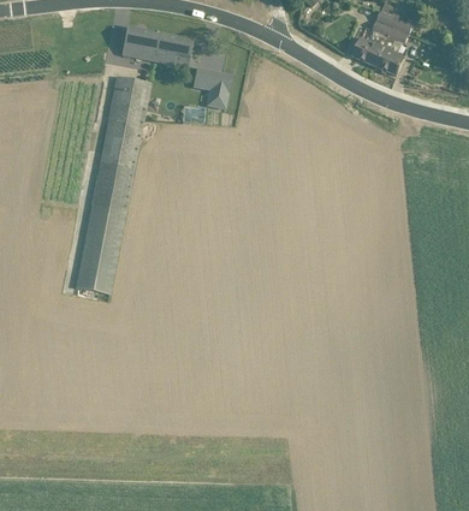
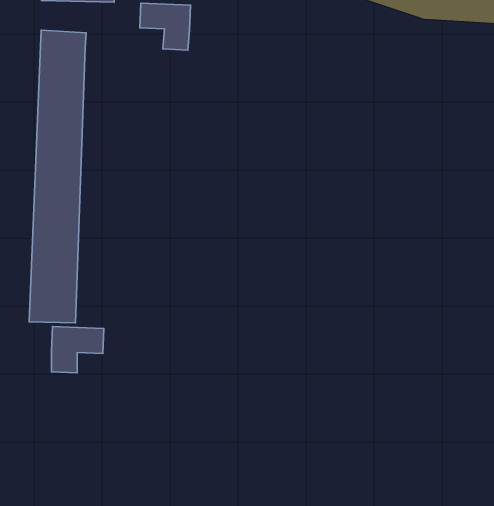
building: none -> [51,326,104,373]

